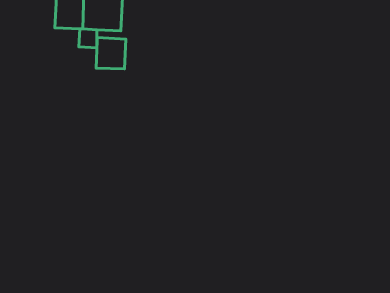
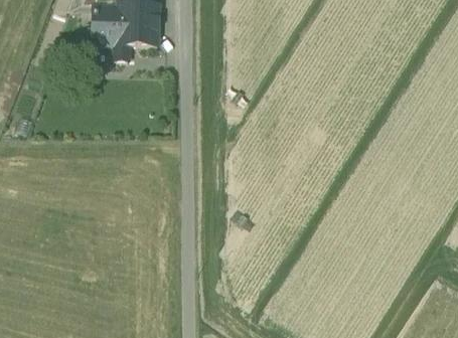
building: [96,38,126,69] -> none

